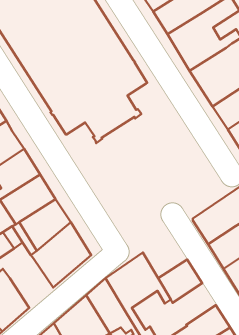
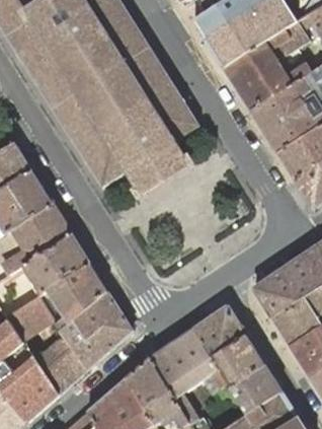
building: none -> [194,306,247,358]
building: none -> [35,335,87,394]
building: none -> [230,364,281,414]

